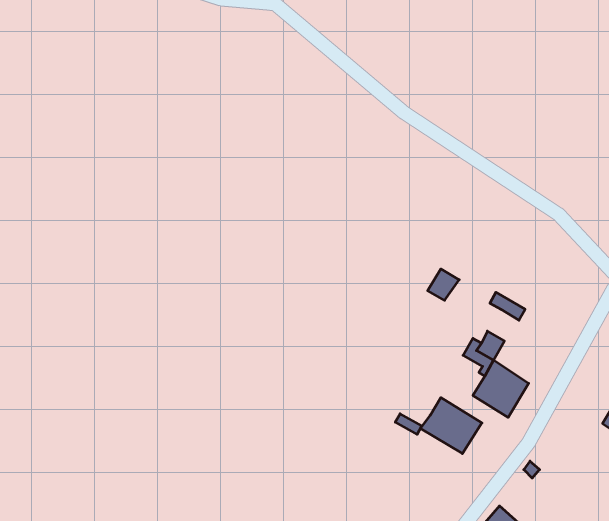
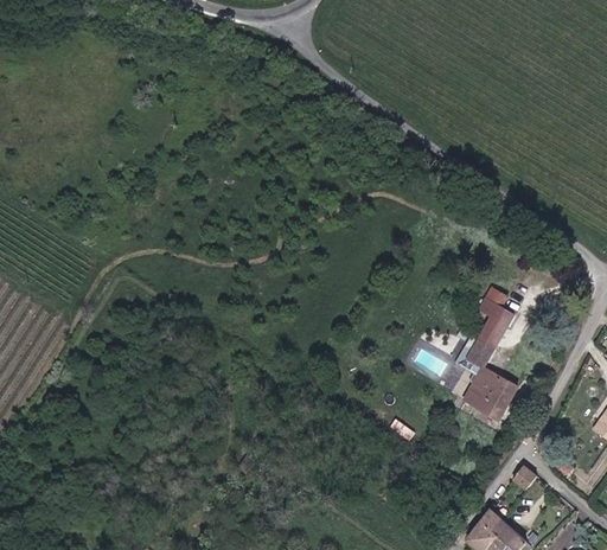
building: [428,269,459,300] -> [478,318,509,348]
building: [420,398,482,454] -> none

